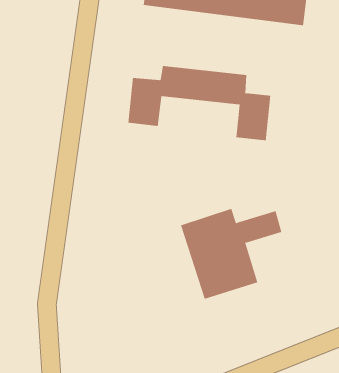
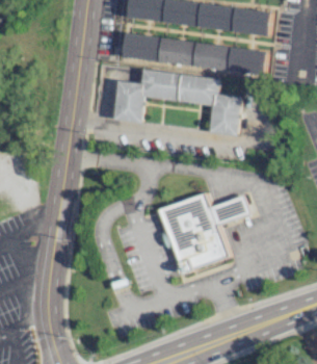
building: none -> [123,33,265,74]

